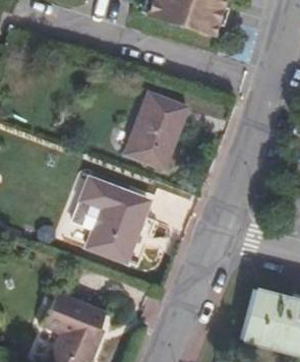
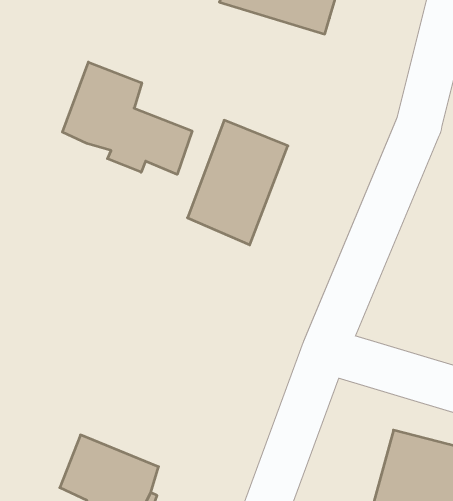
building: none -> [62,62,192,174]
building: [72,177,152,263] -> none

